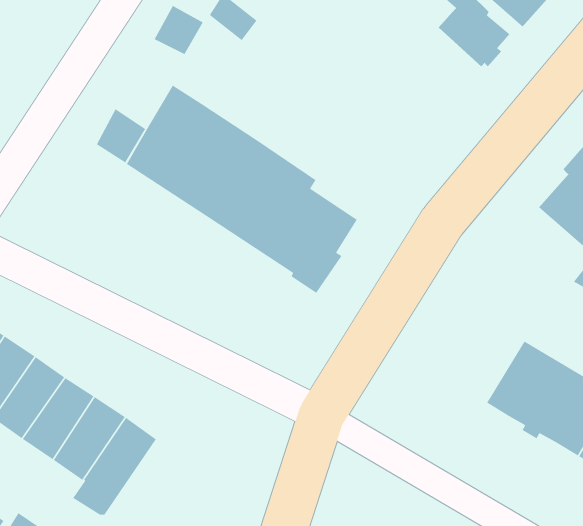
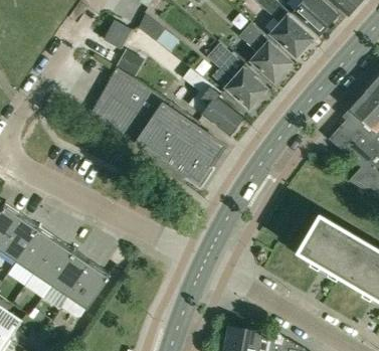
building: none -> [241,23,292,81]
building: none -> [210,43,267,109]
building: none -> [183,67,244,136]
building: [96,108,146,163] -> [118,46,147,78]

